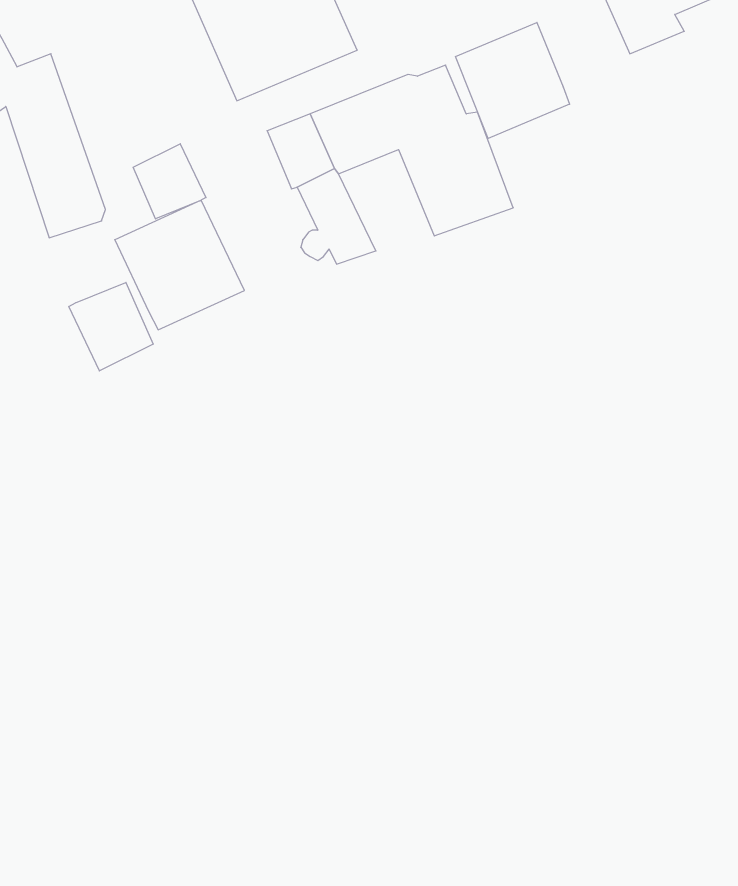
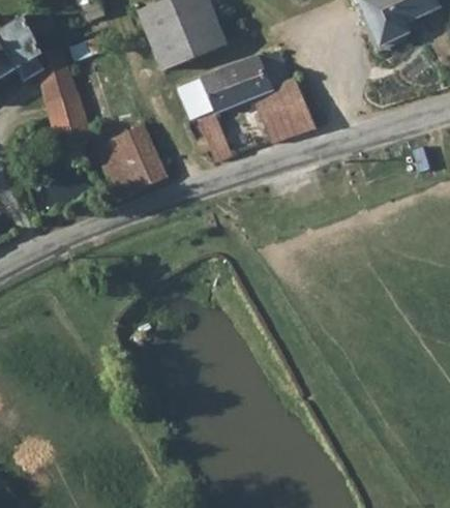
building: [455,22,570,138] -> none
building: [133,144,206,219] -> none
building: [69,282,153,371] -> none

